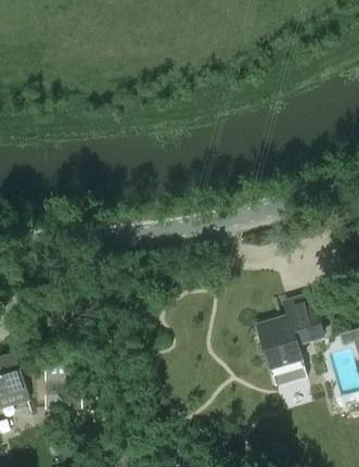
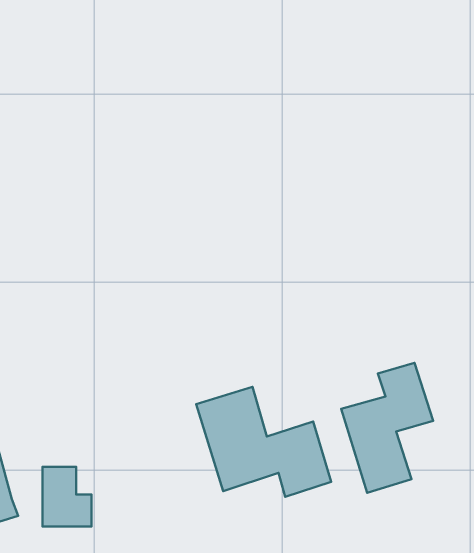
building: none -> [196,387,331,497]

